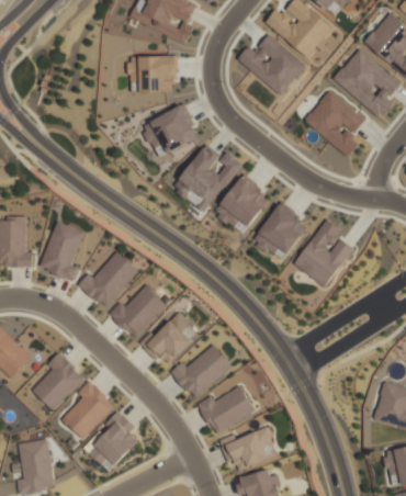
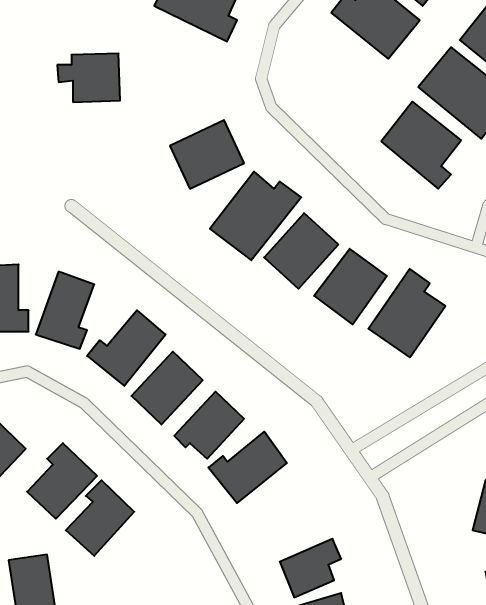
building: [238,34,307,95] -> none
building: [127,55,176,92] -> [57,53,120,102]
building: [198,385,255,433] -> none
building: [83,410,138,472] -> none

